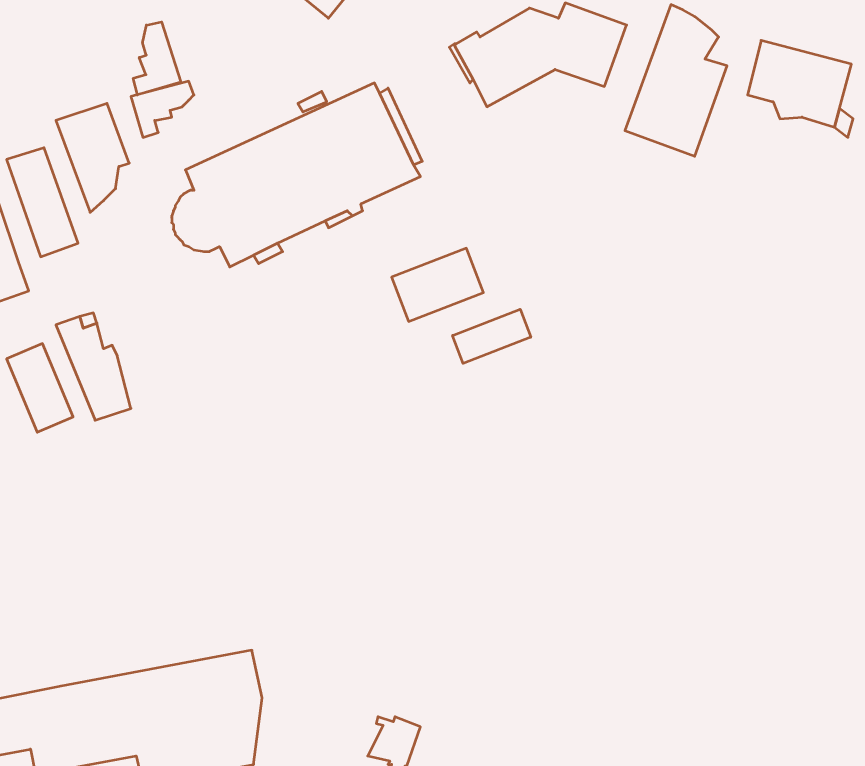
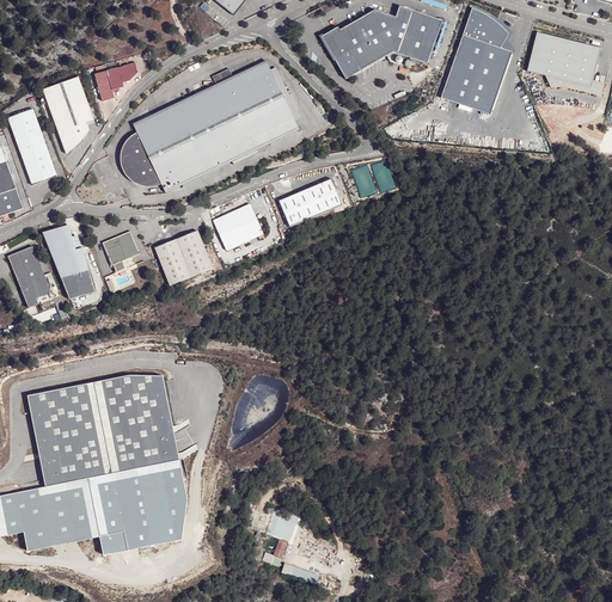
building: [133,22,181,95] -> none
building: none -> [212,203,262,250]
building: [453,309,531,363] -> none
building: none -> [104,229,139,271]
building: none -> [153,229,212,284]
building: none -> [26,374,179,485]

